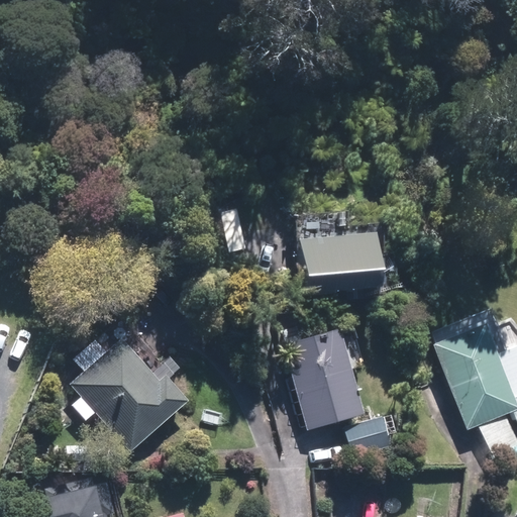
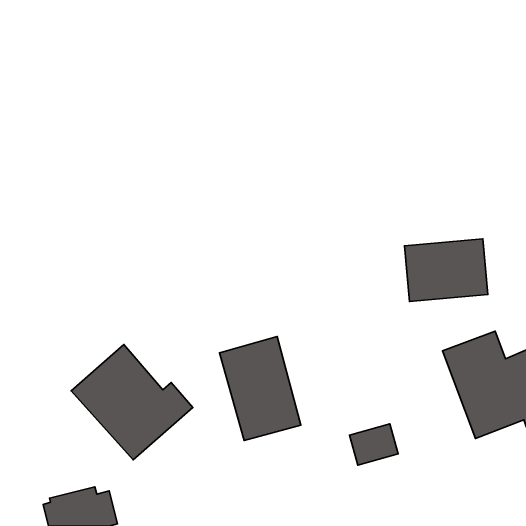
building: [299,231,381,293] -> [404,239,488,302]
building: [284,327,364,429] -> [219,336,301,441]

